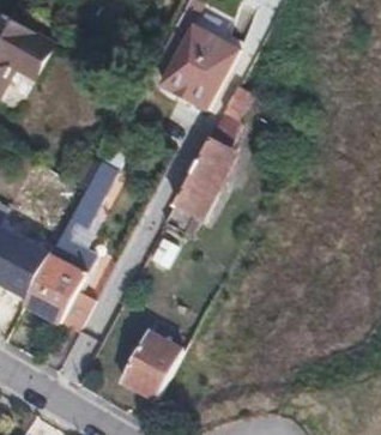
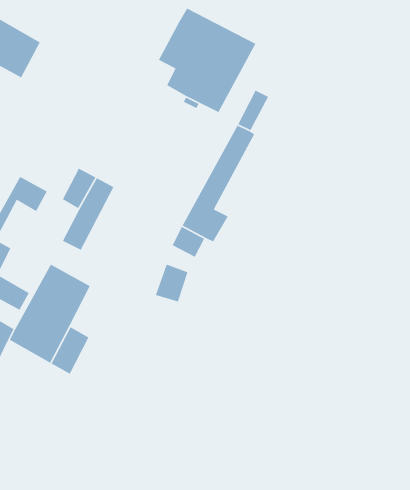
building: [122,333,182,399] -> none

